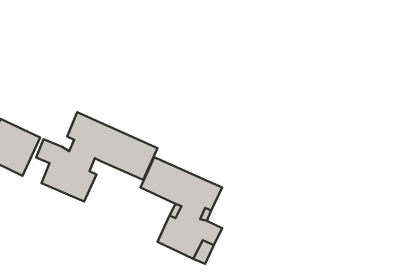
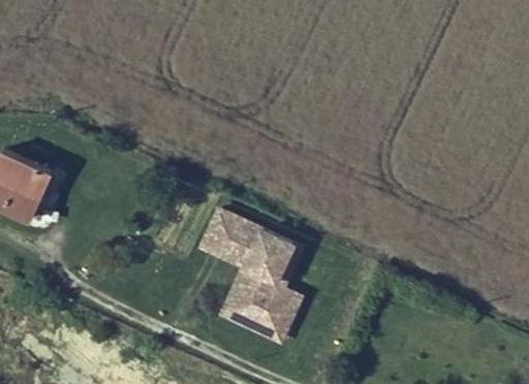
building: [36,112,157,202] -> none

